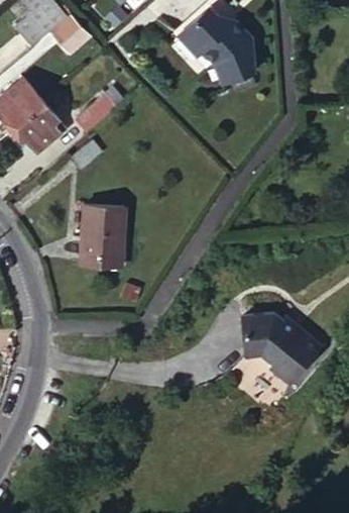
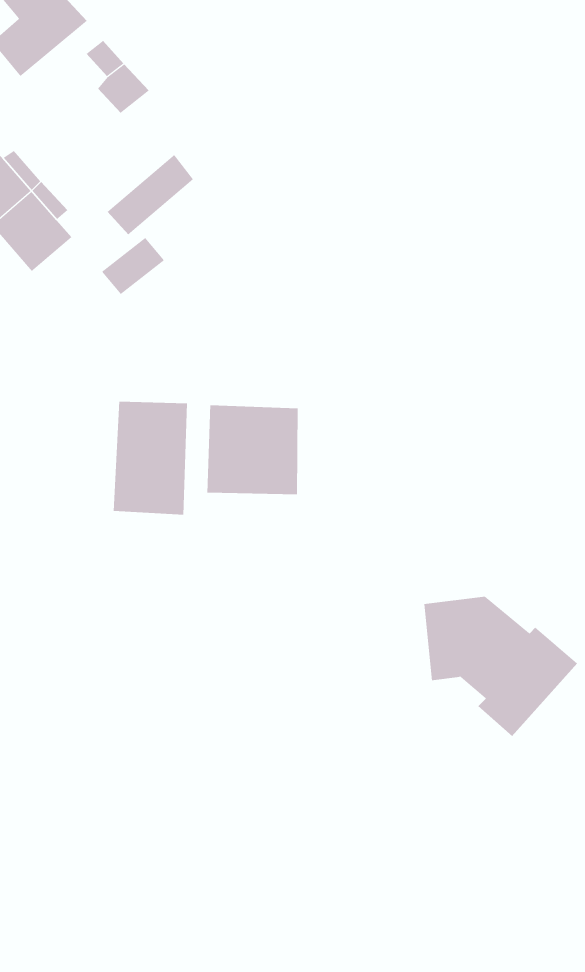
building: [174,9,251,88] -> none
building: none -> [207,404,298,495]

